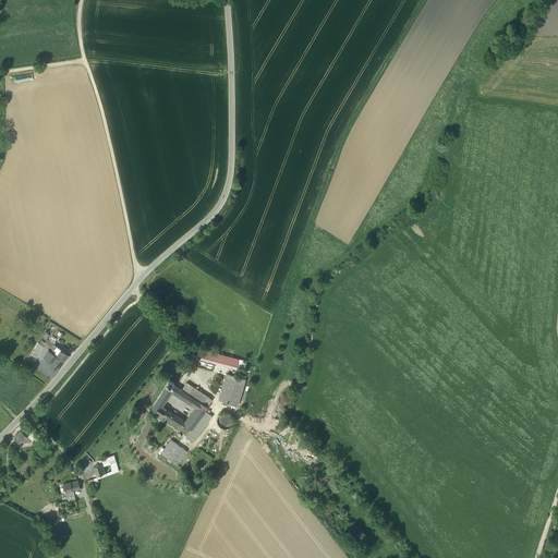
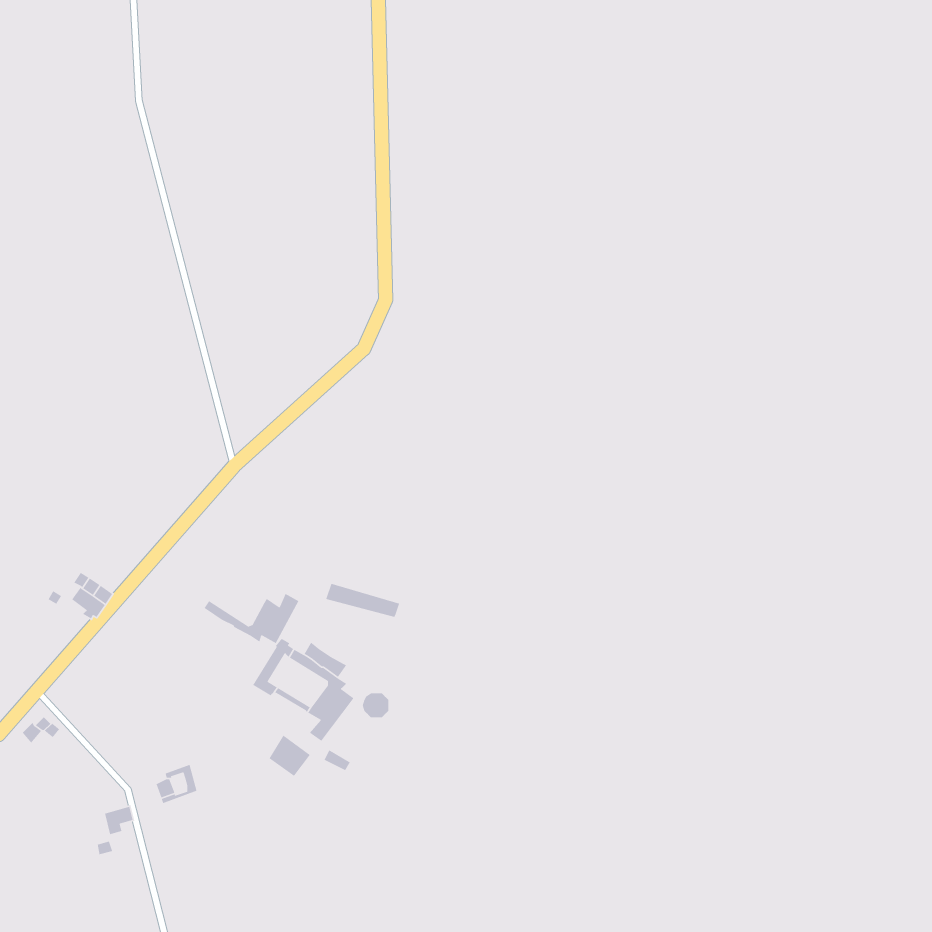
building: none -> [203,593,300,644]
building: [218,375,244,407] -> none

